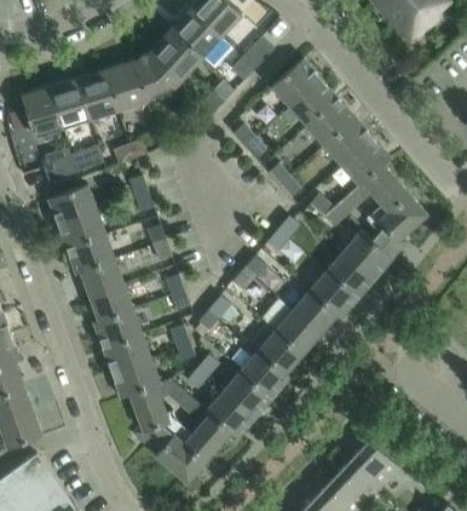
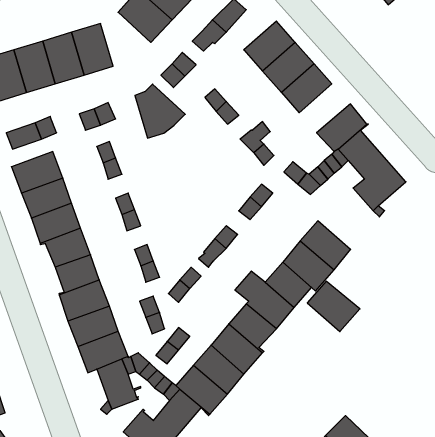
building: [133,51,181,103] -> [135,84,185,138]
building: [324,120,374,167] -> none
building: [342,231,393,280] -> [307,281,360,332]

